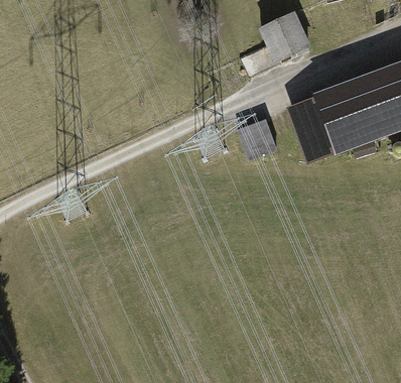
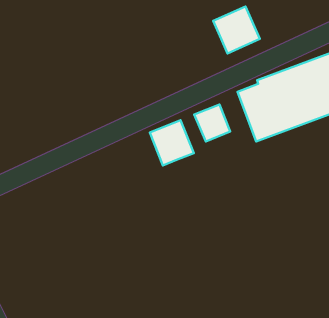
building: none -> [150,120,194,165]

